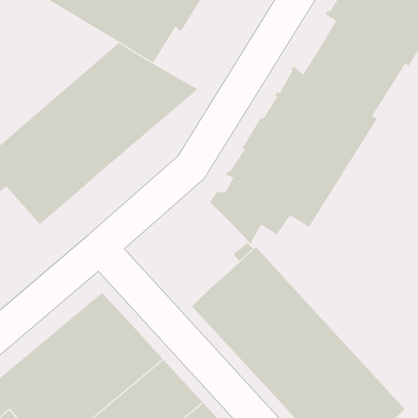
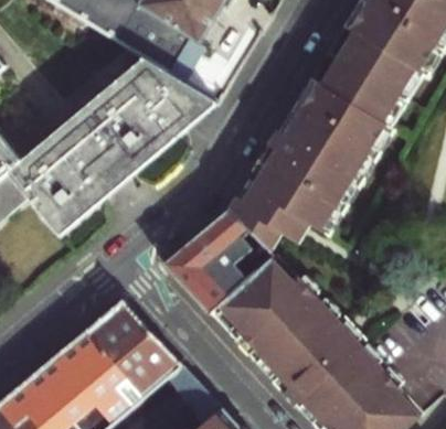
building: none -> [164,210,248,313]

